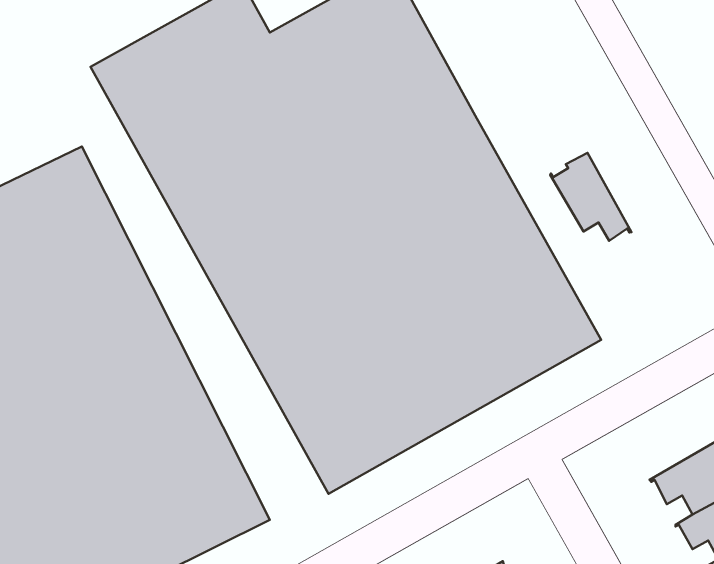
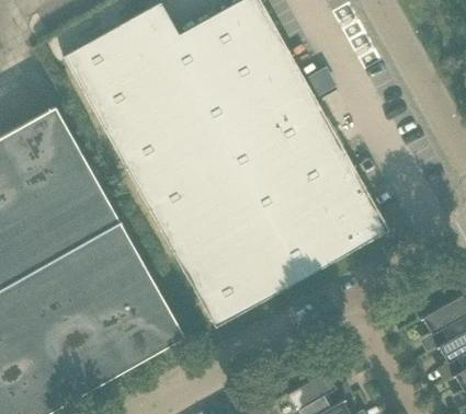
building: [550,153,632,241] -> none

